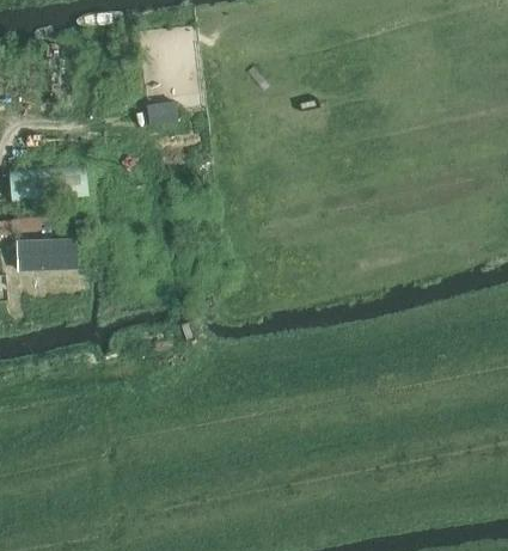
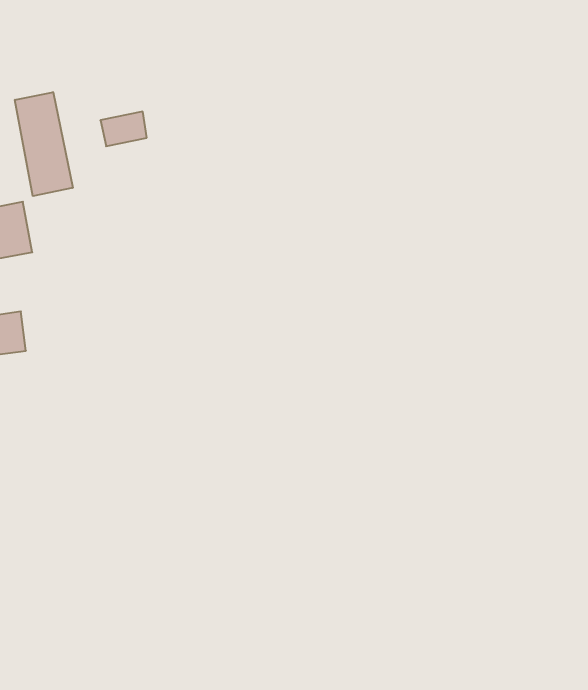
building: none -> [15,92,73,196]

